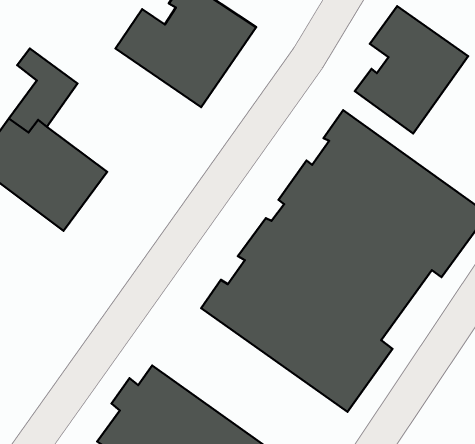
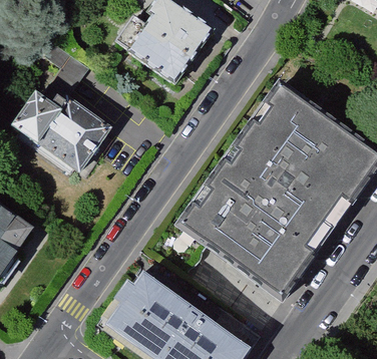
building: [355,6,468,134] -> none

